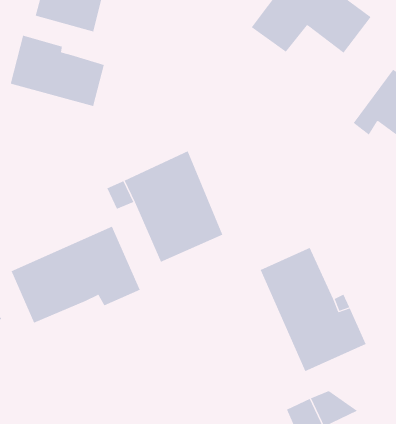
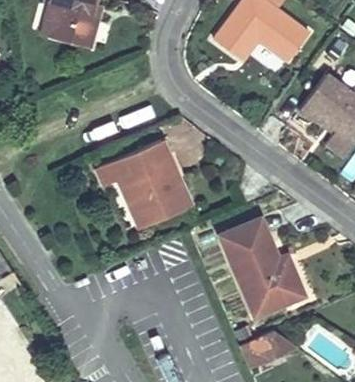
building: [10,35,104,107] -> none
building: [11,226,141,324] -> none

